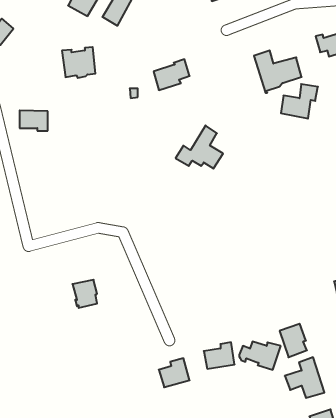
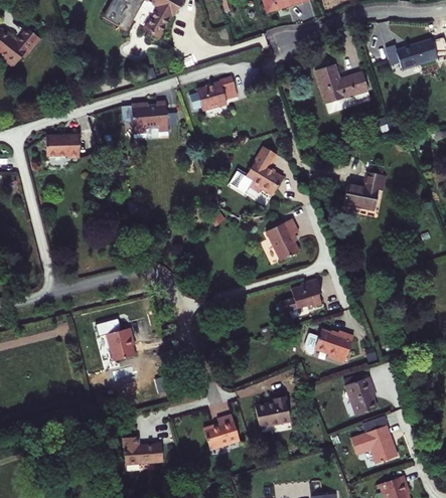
building: [62,47,95,78] -> [132,103,170,138]
building: [281,84,318,119] -> [341,172,384,211]
building: none -> [265,217,298,260]
building: none -> [279,279,321,313]
building: [239,342,281,370] -> [306,329,353,361]
building: none -> [123,444,163,472]

